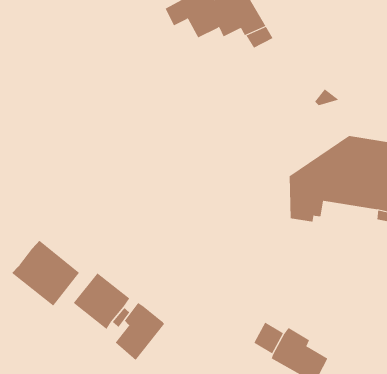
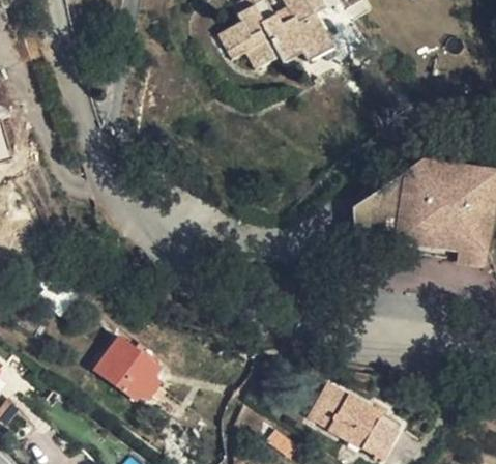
building: [11,240,80,306] -> none
building: [115,302,165,361] -> none

